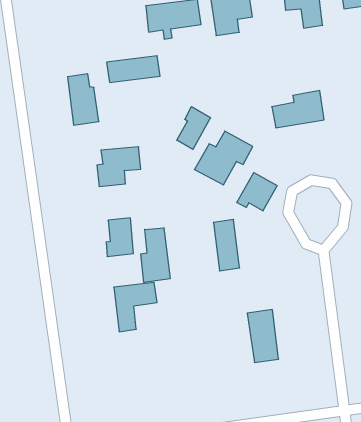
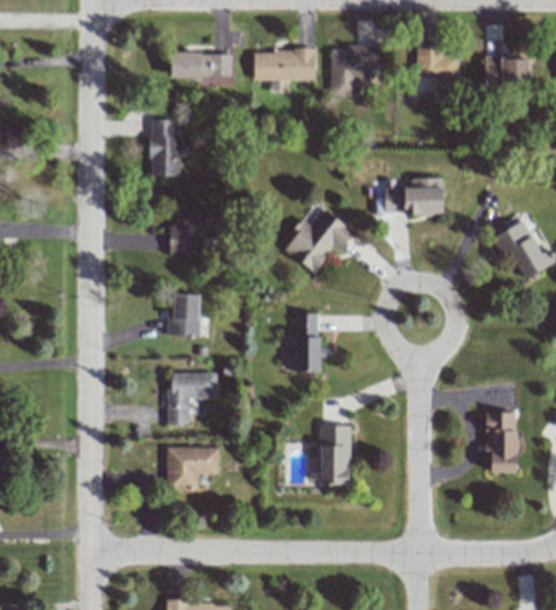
building: [107,56,160,82] -> [172,53,232,78]
building: [177,107,211,149] -> none
building: [237,173,277,211] -> none
building: [141,228,170,283] -> none
building: none -> [167,447,219,490]

